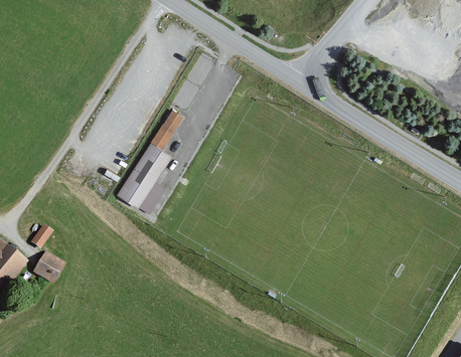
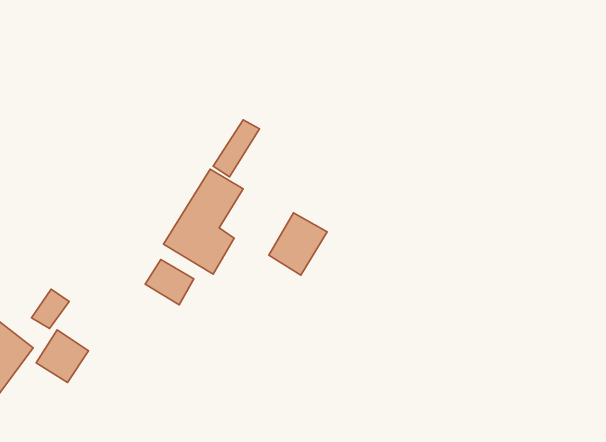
building: none -> [269,213,327,275]
building: none -> [145,260,194,305]

